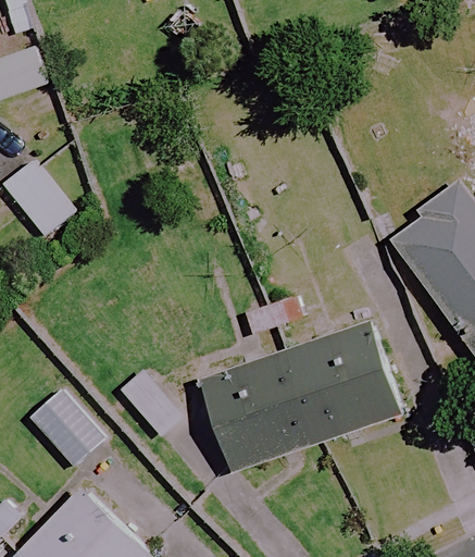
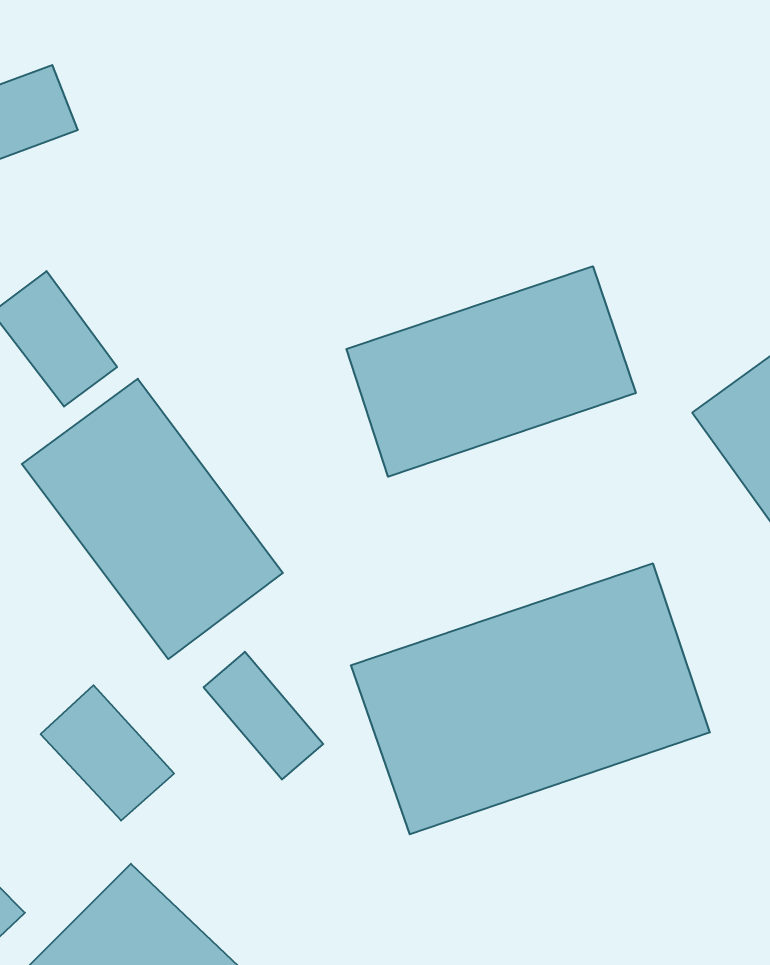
building: none -> [346,266,636,477]
building: none -> [22,379,283,659]

